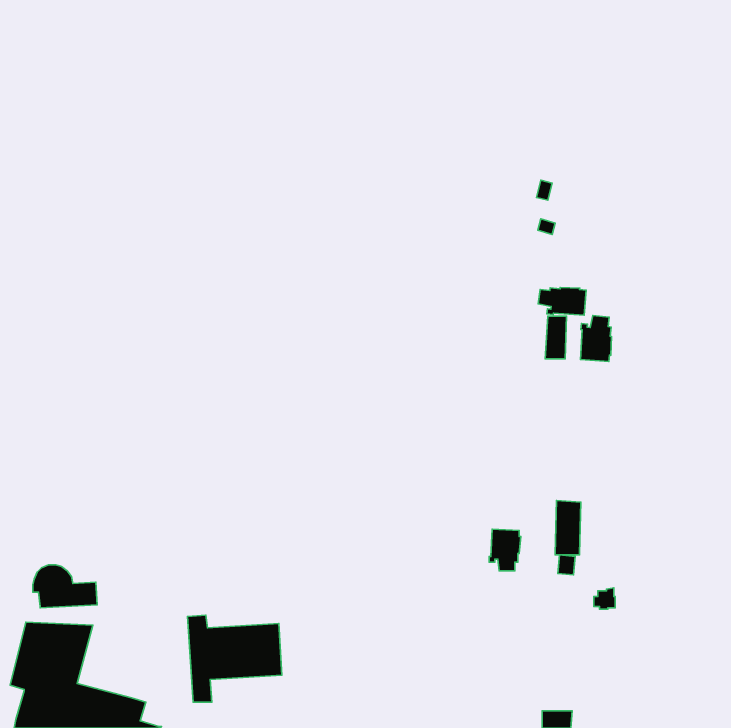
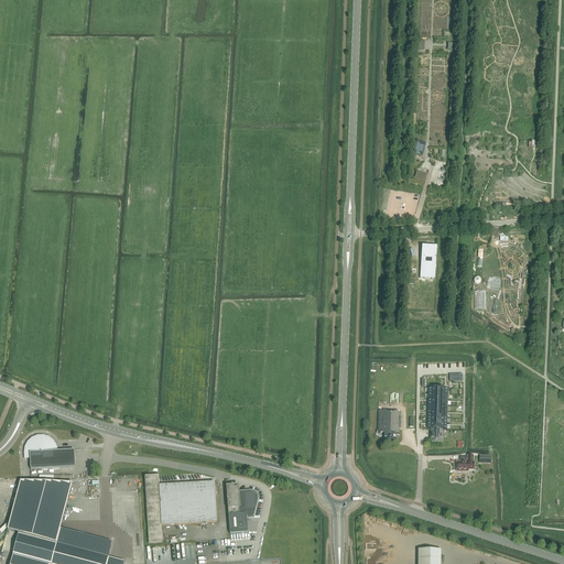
building: [538,287,586,315] -> none
building: [580,315,612,361] -> none
building: none -> [226,484,258,532]

